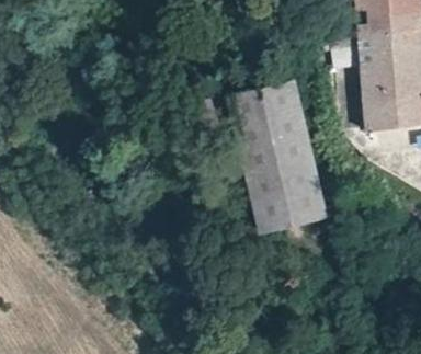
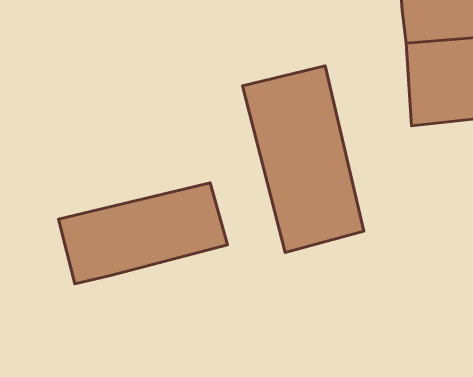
building: none -> [58,183,227,284]

